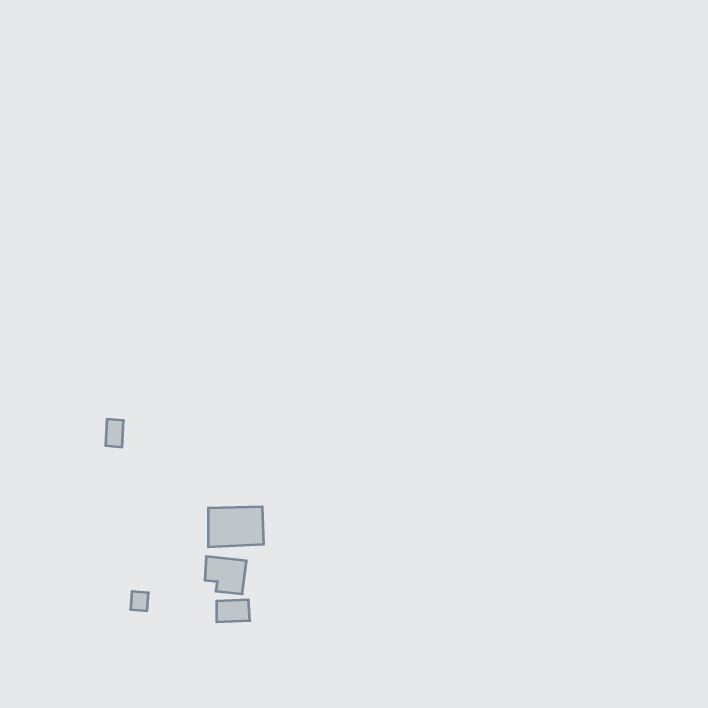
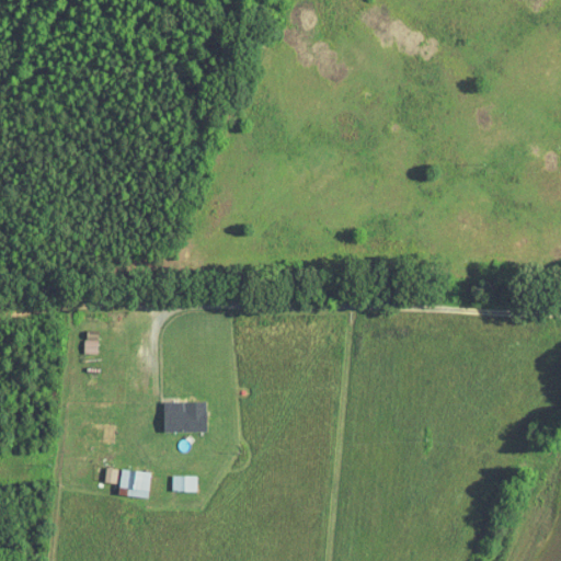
building: [205,557,246,594] -> [118,469,151,499]

